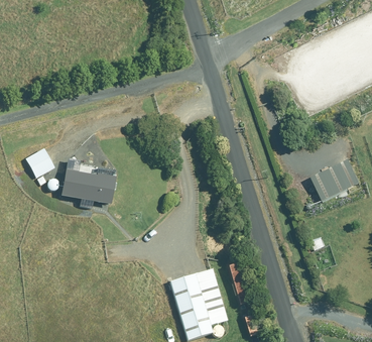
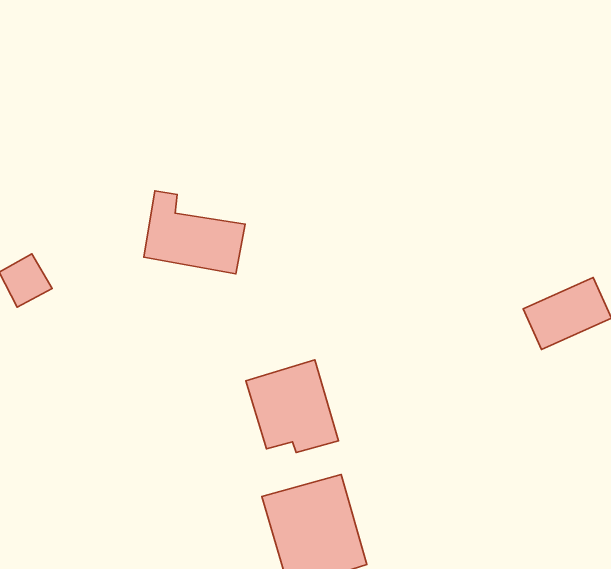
building: [61,158,117,204] -> [144,191,245,274]
building: none -> [246,360,339,453]

